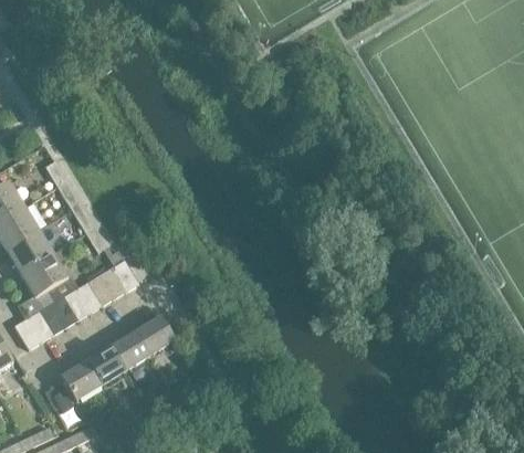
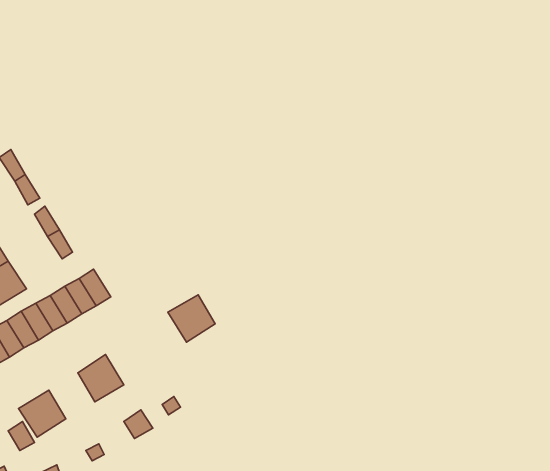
building: [134,317,174,357] -> [168,295,215,342]
building: [86,347,125,386] -> none

